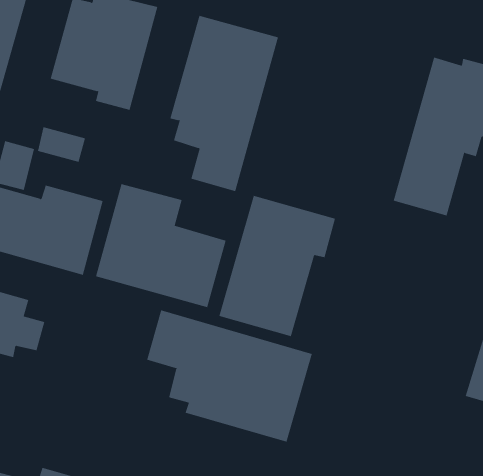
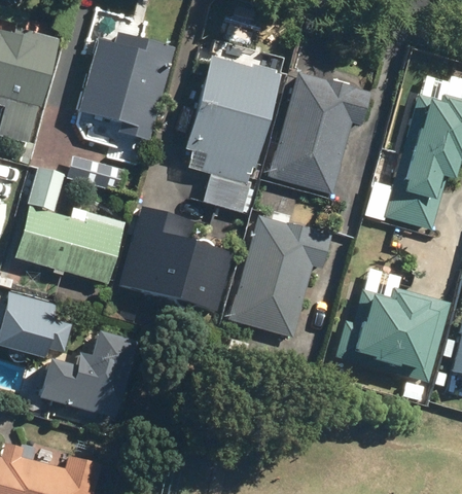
building: none -> [266,69,372,195]
building: none -> [334,288,453,384]
building: [146,310,313,442] -> none
building: none -> [42,332,137,417]

